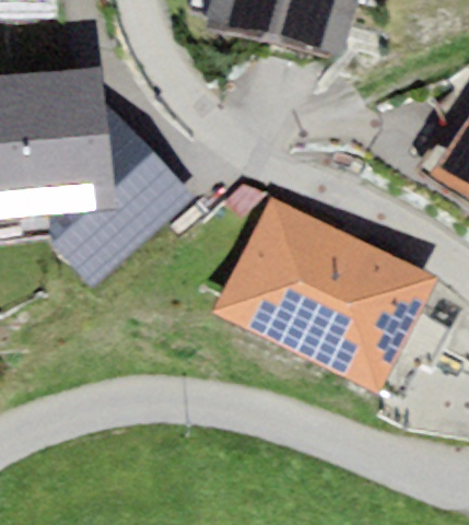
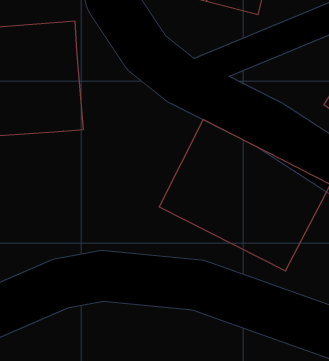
building: [50,104,192,288] -> none

